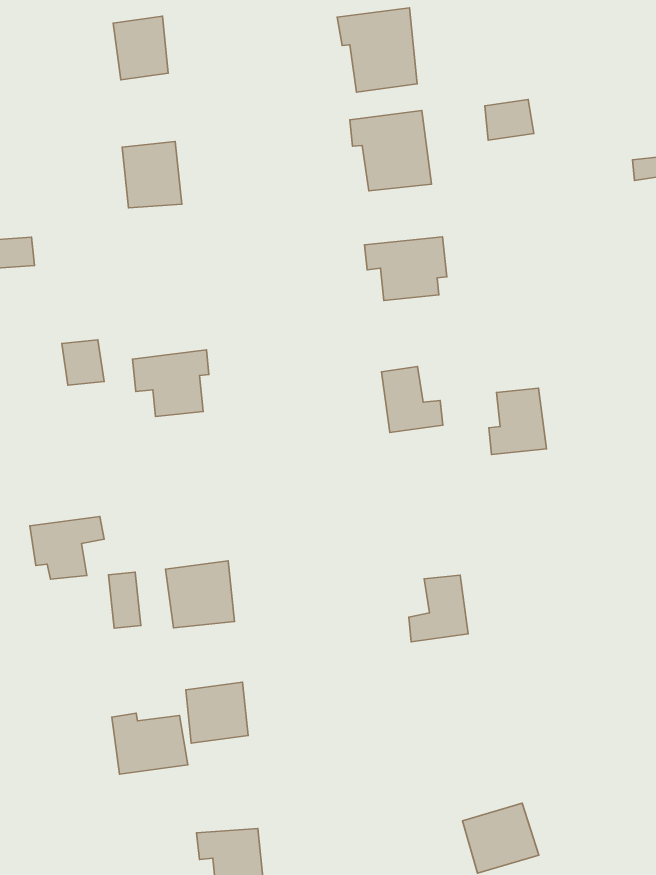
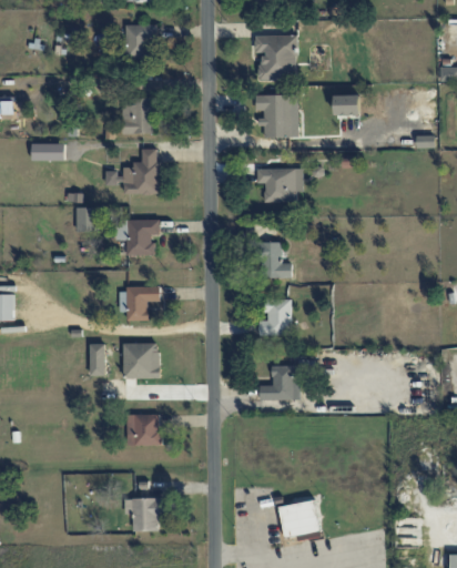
building: none -> [104,148,159,193]
building: [489,388,547,454] -> [258,300,291,335]
building: [30,517,104,579] -> [118,286,160,320]
building: [112,713,188,774] -> none

